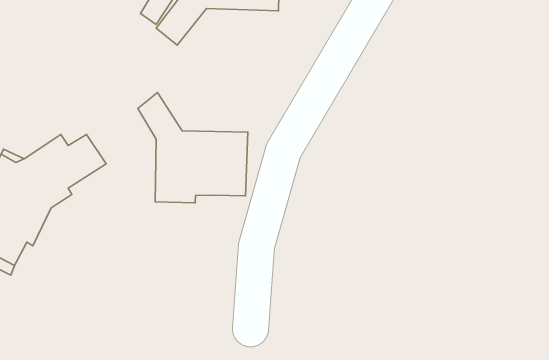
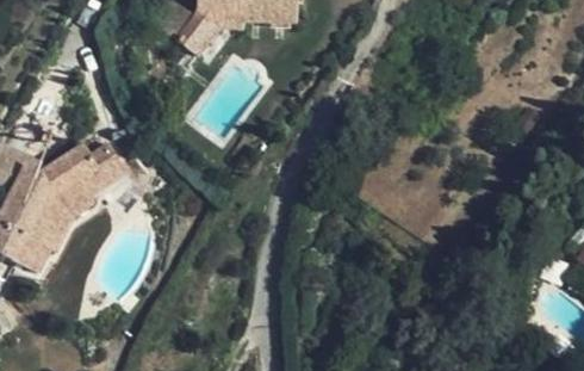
building: [138,92,248,203] -> none

